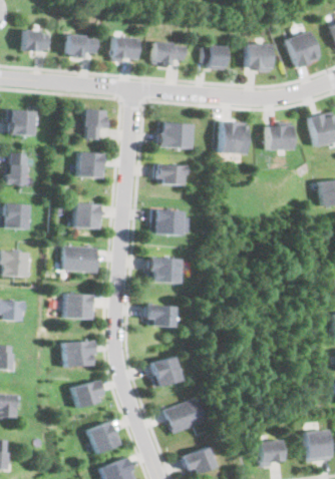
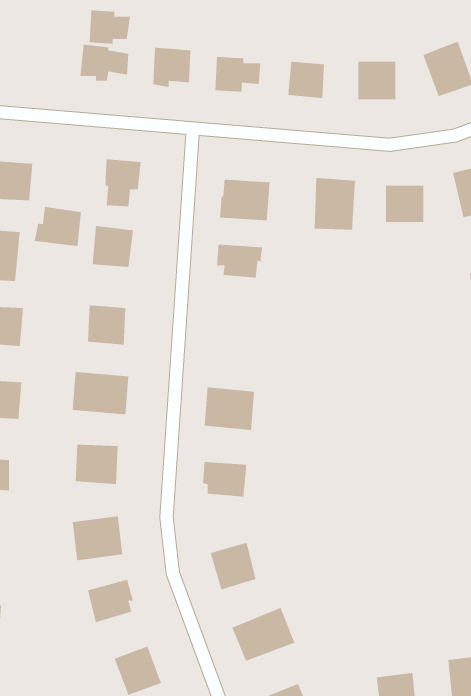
building: [25,30,52,52] -> [89,10,131,44]
building: none -> [34,206,82,247]
building: [153,208,182,235] -> none

